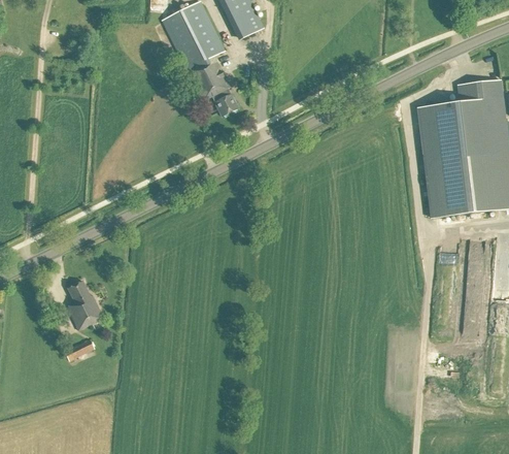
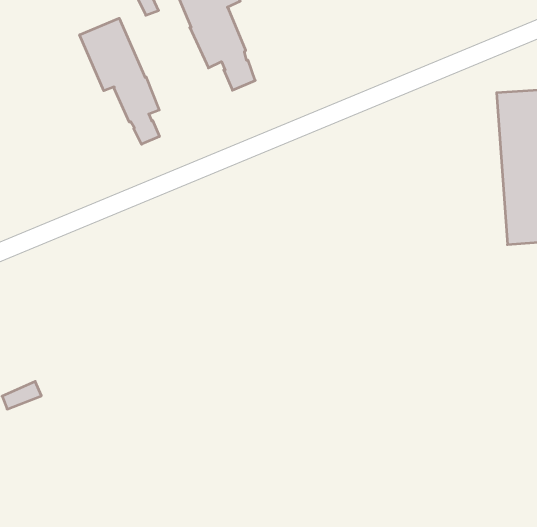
building: none -> [80,18,159,144]
building: [67,280,104,329] -> none

